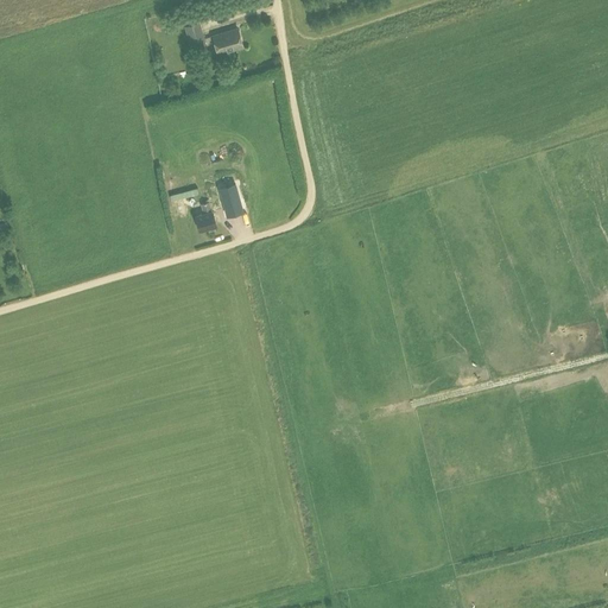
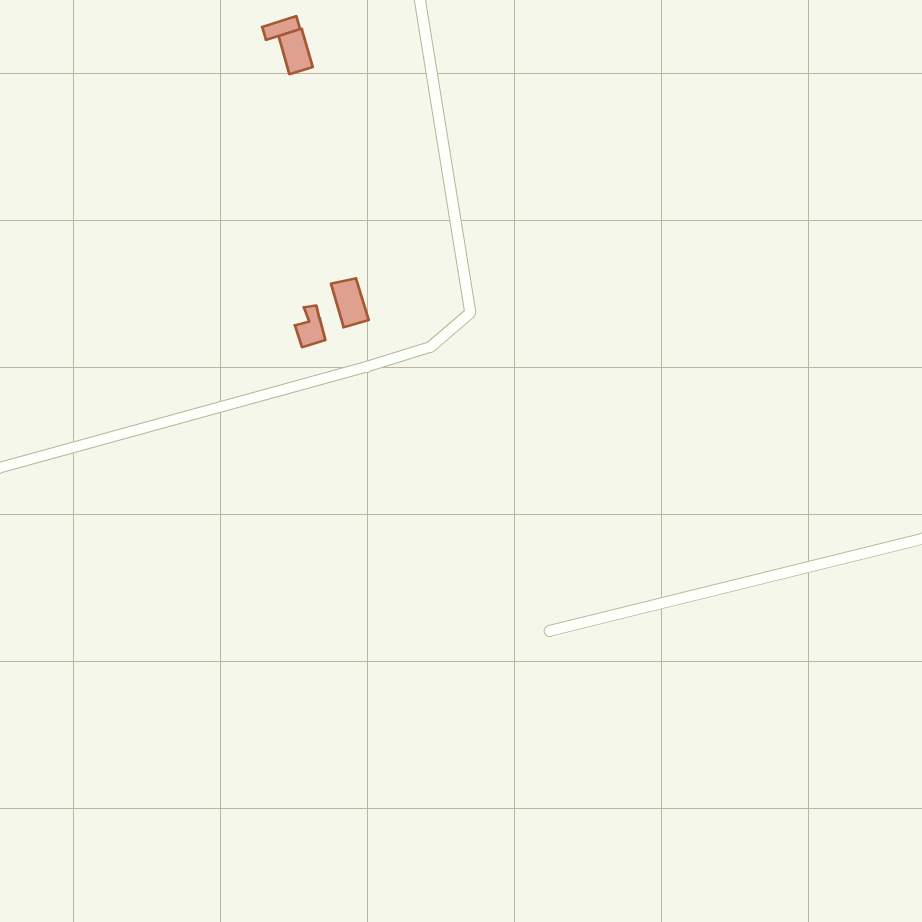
building: [211,26,241,52] -> none

